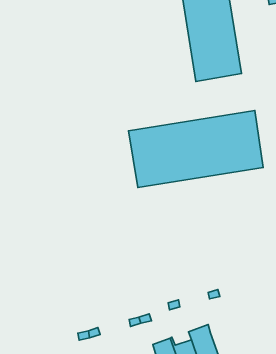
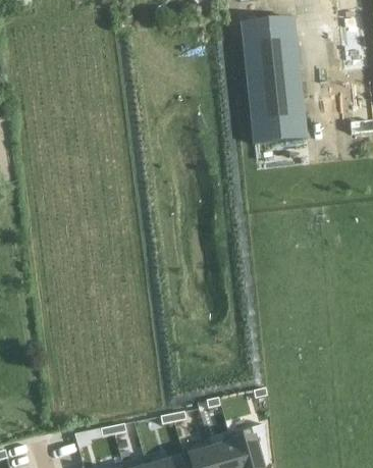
building: [129,111,263,187] -> none

